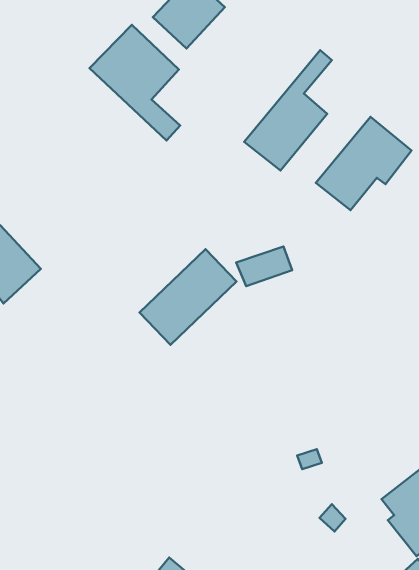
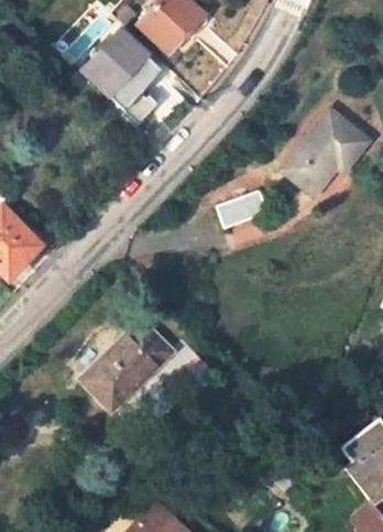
building: [244,50,332,170] -> none
building: [236,246,292,286] -> [218,193,267,228]
building: [140,249,237,345] -> [84,323,169,408]

